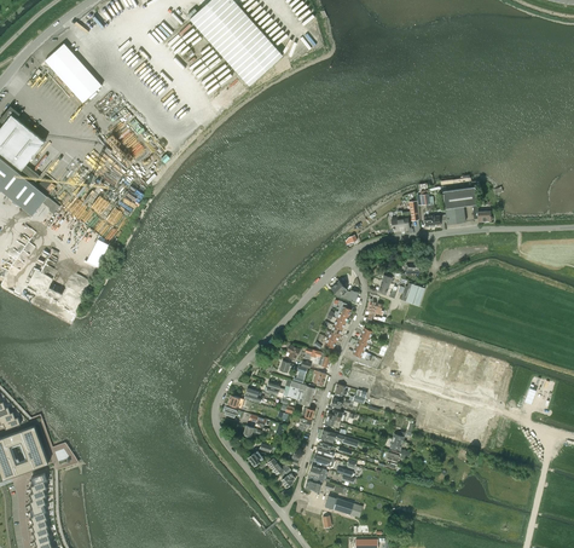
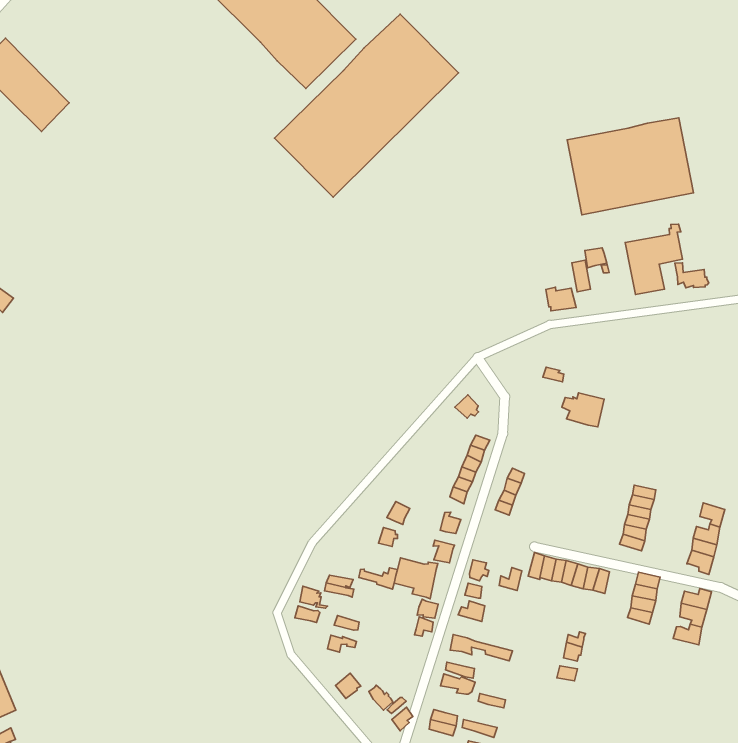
building: none -> [275,14,459,197]
building: none -> [567,118,694,215]

